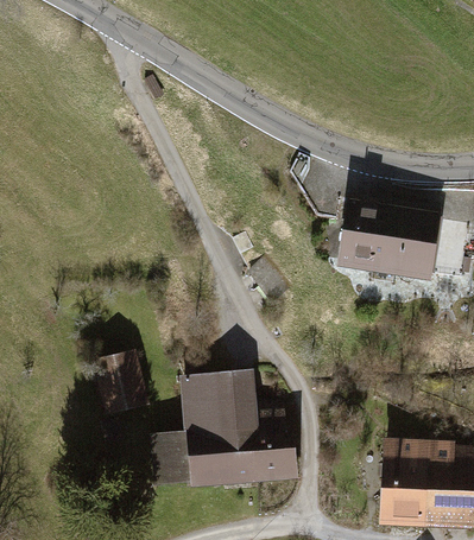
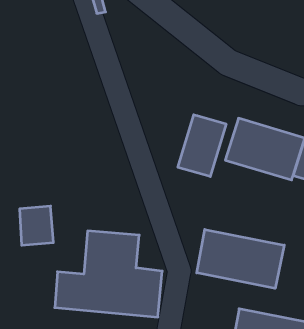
building: none -> [178,115,226,177]
building: none -> [197,229,284,288]

